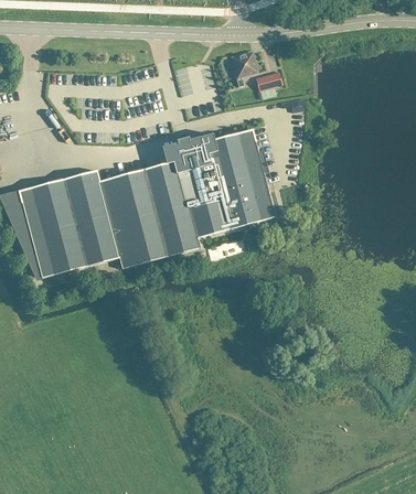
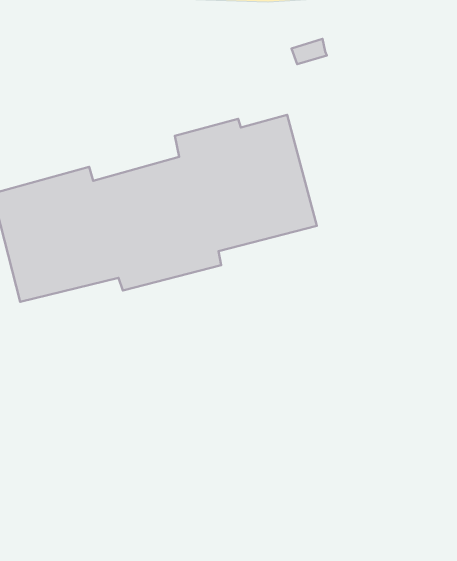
building: [232,52,256,86] -> none

